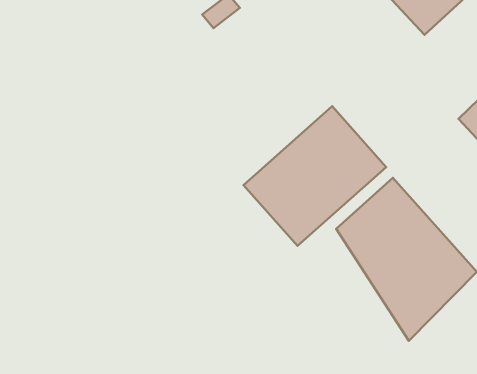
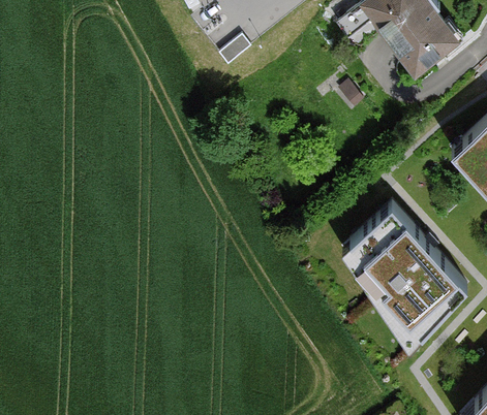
building: [244,106,386,246] -> none

